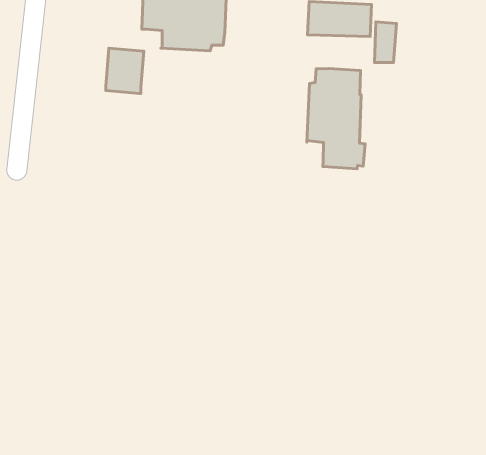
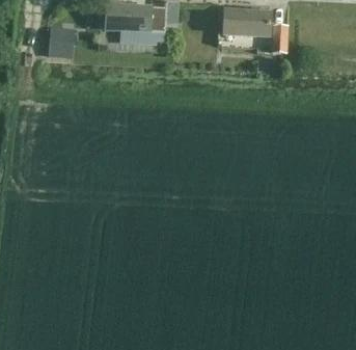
building: [106,48,144,93] -> [47,27,74,59]
building: [307,69,365,169] -> none

